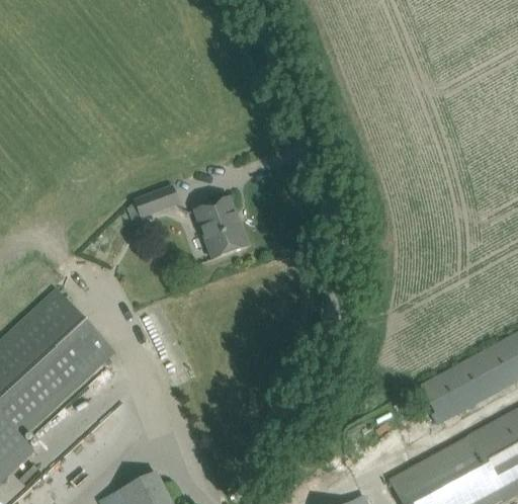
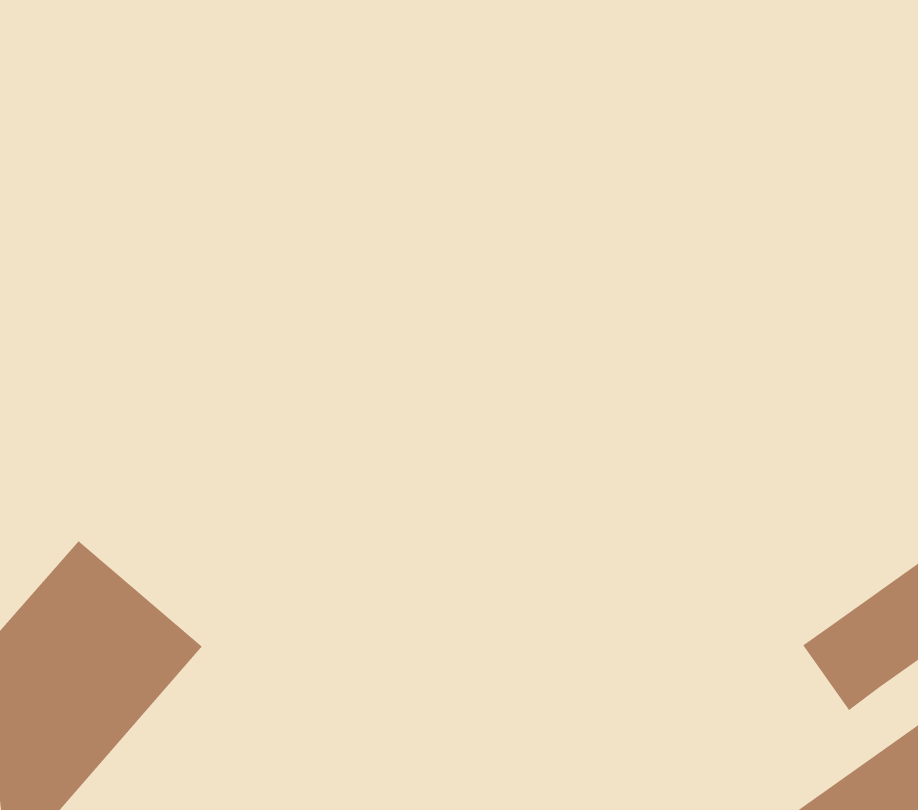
building: [135,185,179,217] -> none
building: [194,197,248,259] -> none

